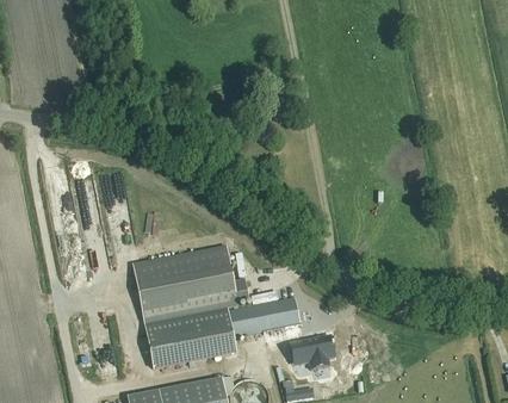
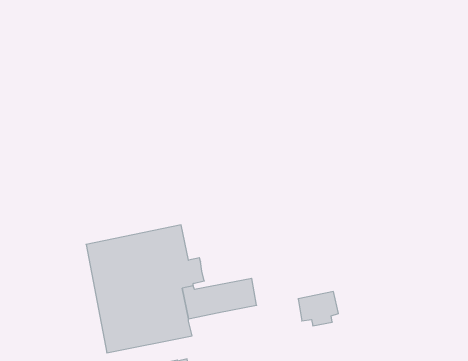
building: [292,334,332,367] -> [298,292,338,326]

